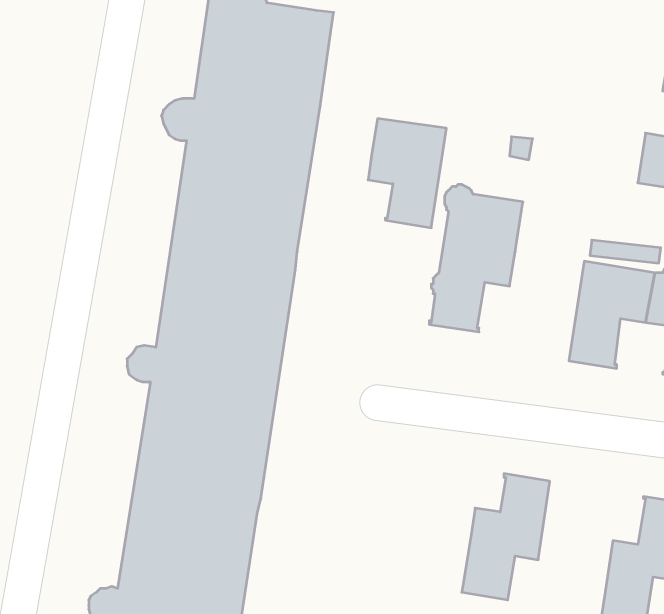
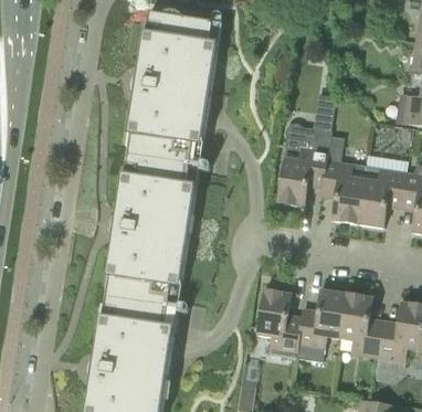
building: [368,119,446,228] -> [320,160,366,223]
building: none -> [257,289,300,357]
building: none -> [339,293,382,357]

